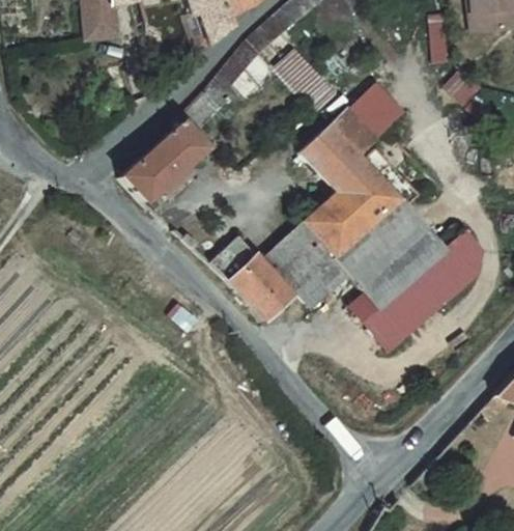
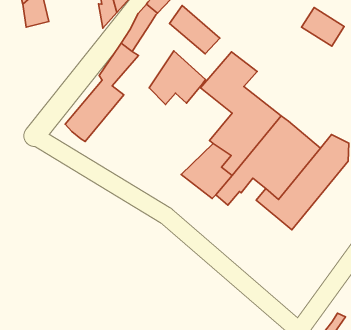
building: [349,86,406,142] -> none
building: none -> [149,51,205,105]
building: [215,239,297,320] -> none

